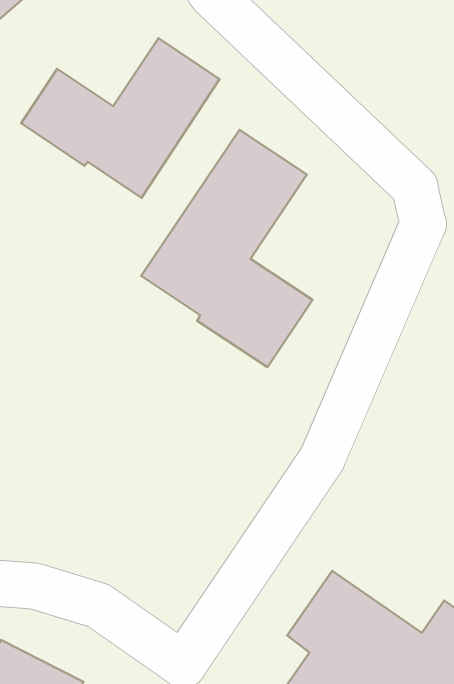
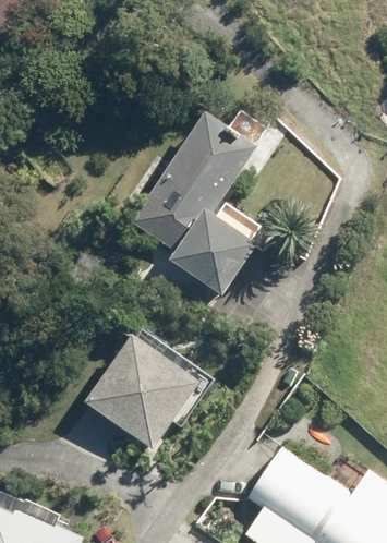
building: [21,38,220,198] -> none
building: none -> [88,330,204,446]

